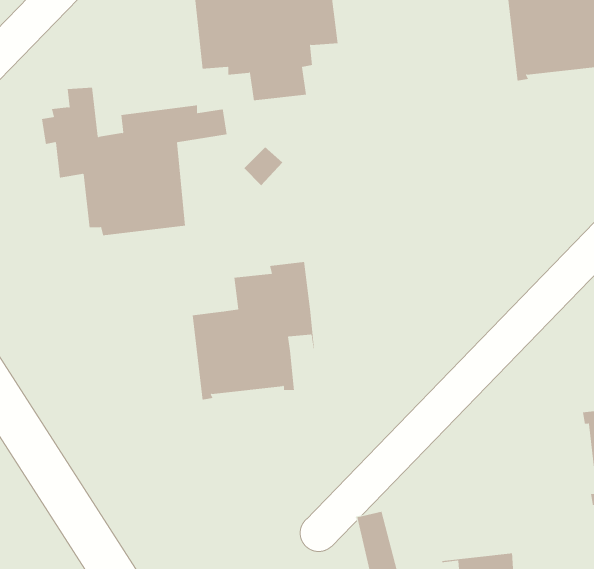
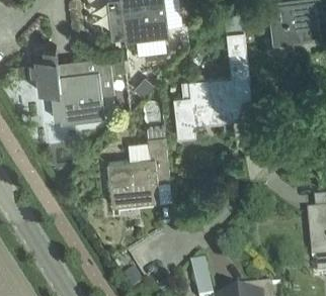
building: none -> [172,33,251,140]

